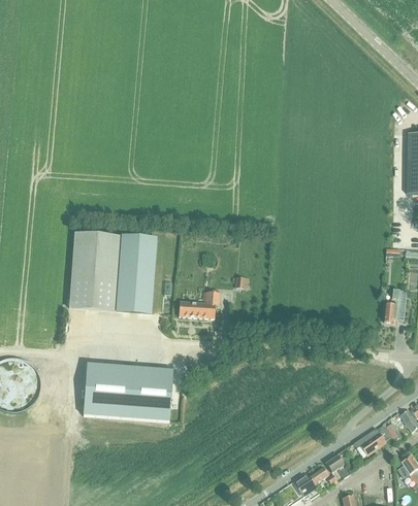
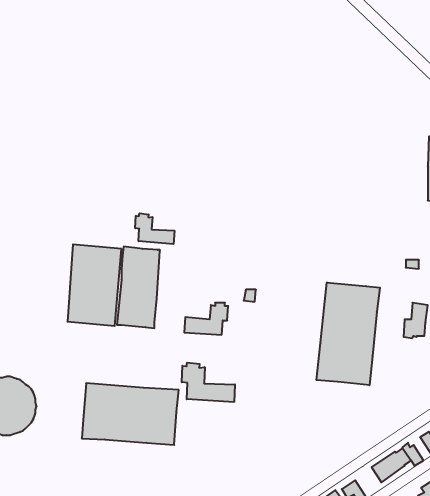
building: none -> [135,213,174,244]
building: none -> [316,282,380,385]
building: none -> [182,363,235,402]

